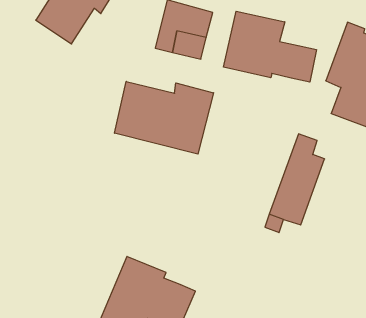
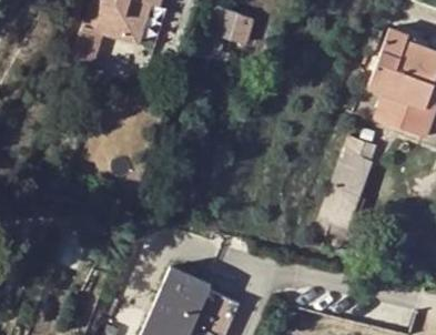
building: [224,11,316,82] -> none
building: [115,81,214,154] -> none

